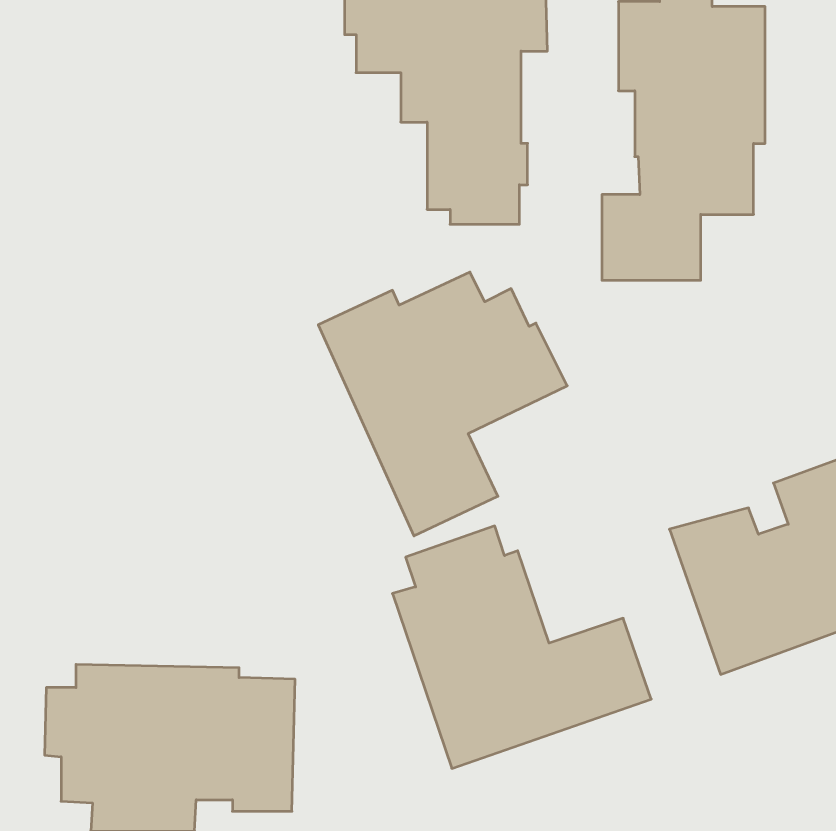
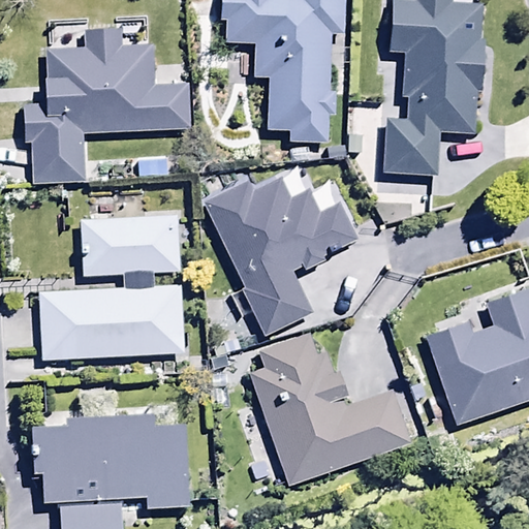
building: none -> [23,30,188,182]
building: none -> [80,218,181,274]
building: none -> [39,285,187,359]

